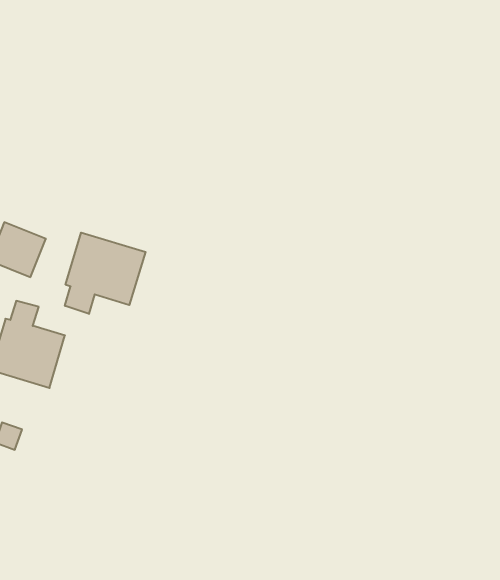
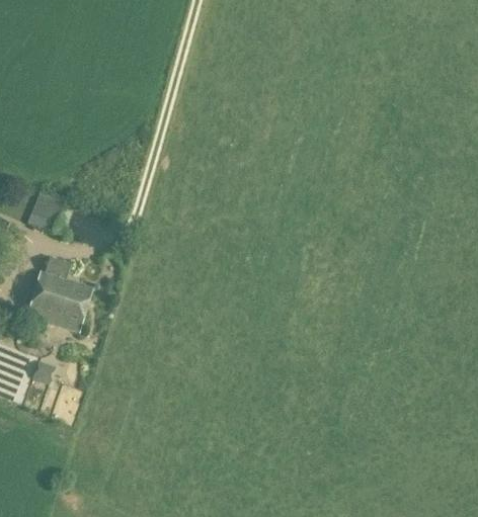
building: [65,233,146,314] -> none

